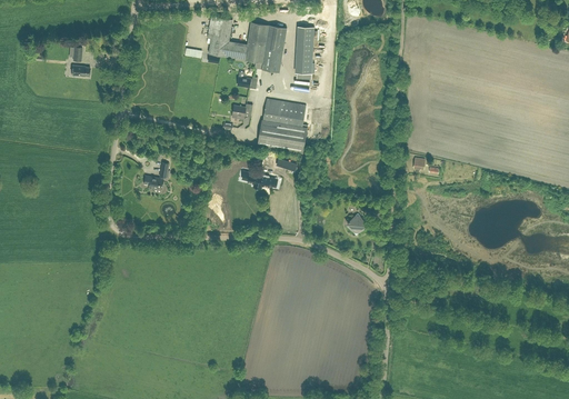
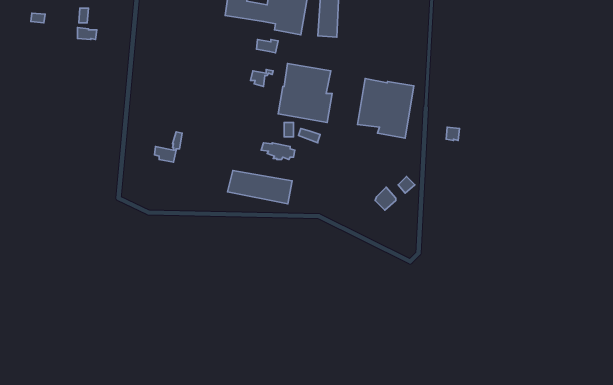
building: none -> [357,79,414,138]
building: none -> [227,171,292,204]

